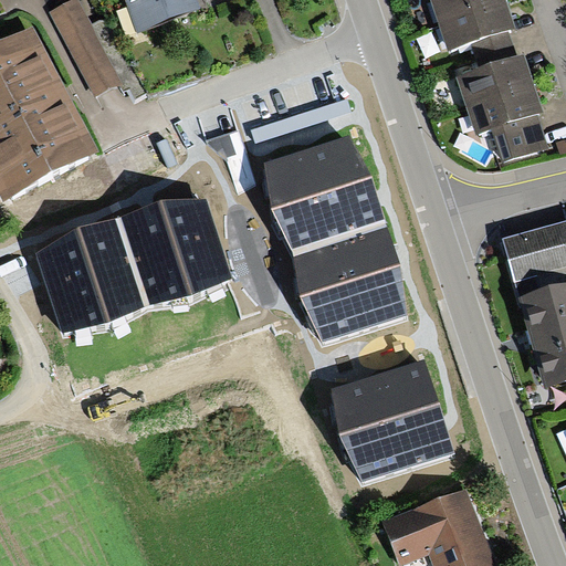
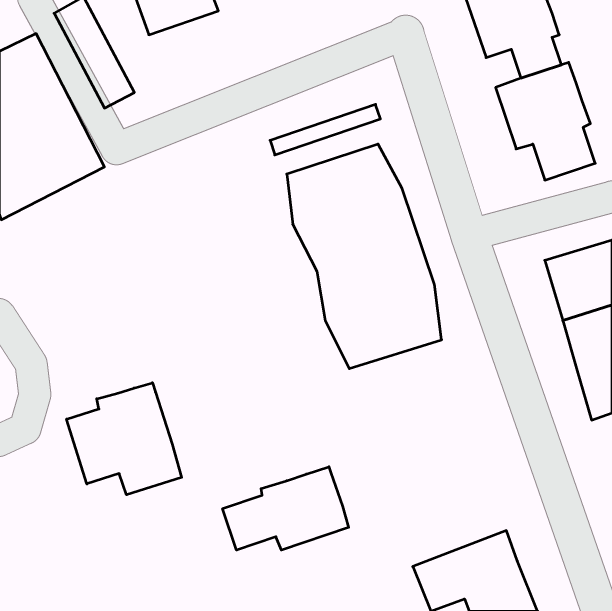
building: [38,198,229,331] -> none
building: none -> [67,383,182,495]
building: [333,358,453,482] -> none
building: none -> [223,467,349,550]

